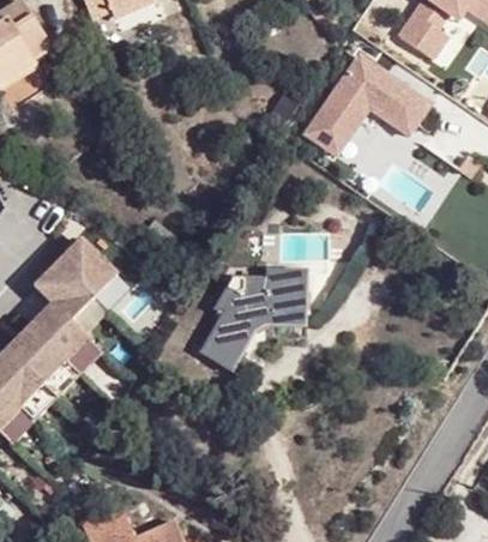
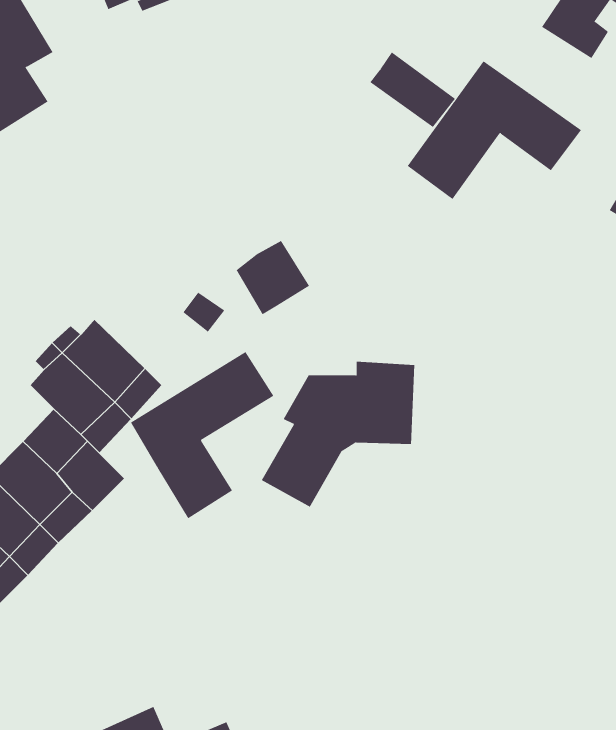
building: none -> [370,51,456,128]
building: none -> [236,240,310,315]
building: none -> [130,351,274,519]

